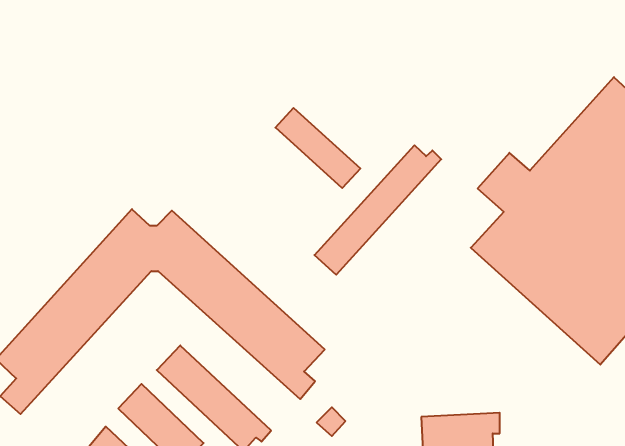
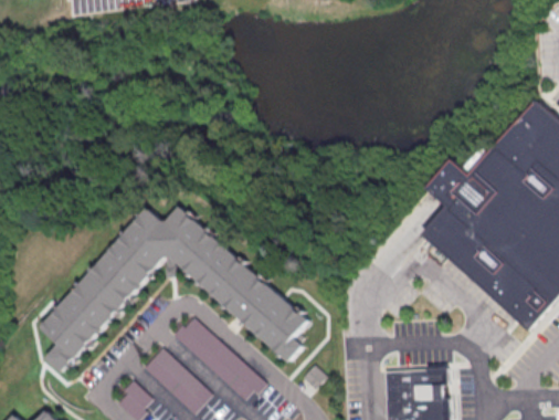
building: [275,108,360,188] -> none
building: [314,145,441,275] -> none

